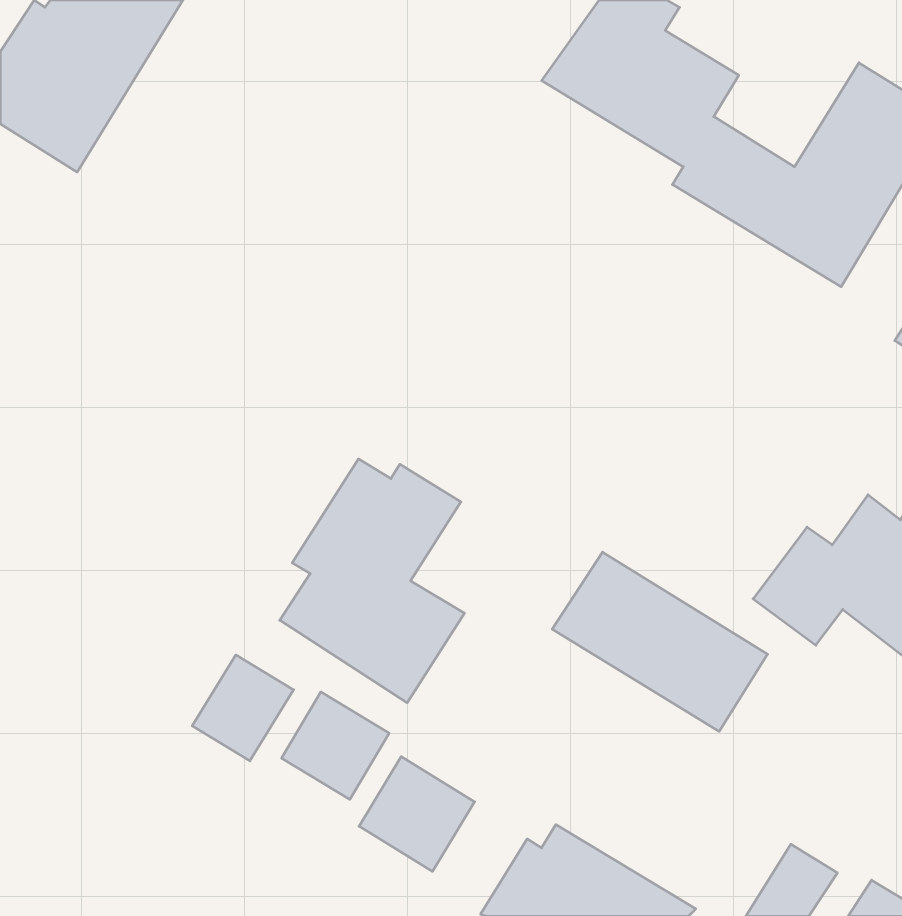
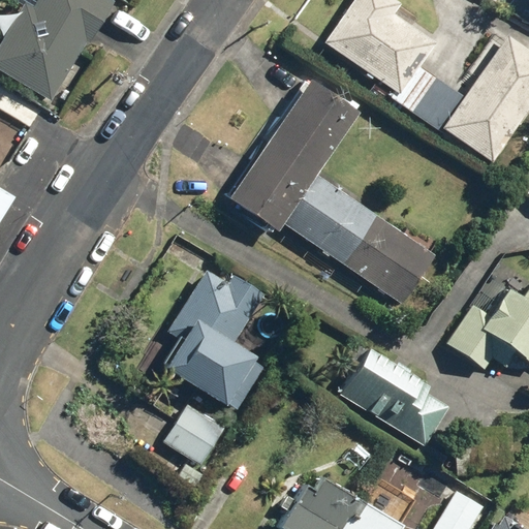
building: none -> [222,81,432,303]
building: [192,655,294,761] -> none
building: [359,757,475,871] -> none

